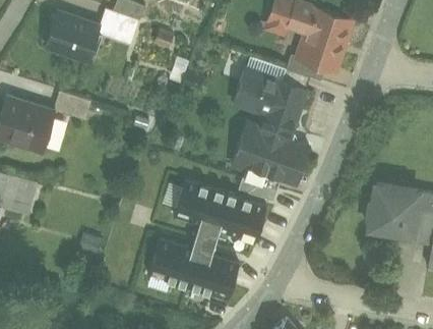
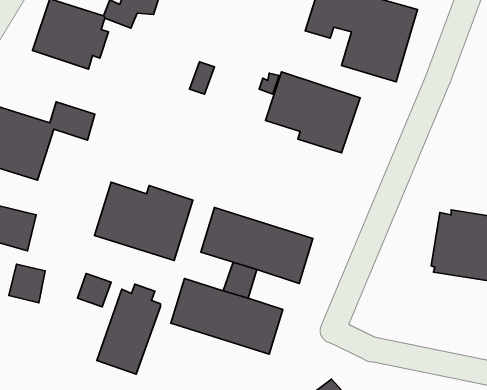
building: [228,118,311,188] -> none
building: none -> [94,182,193,261]
building: none -> [9,264,45,303]
building: none -> [97,284,161,374]

